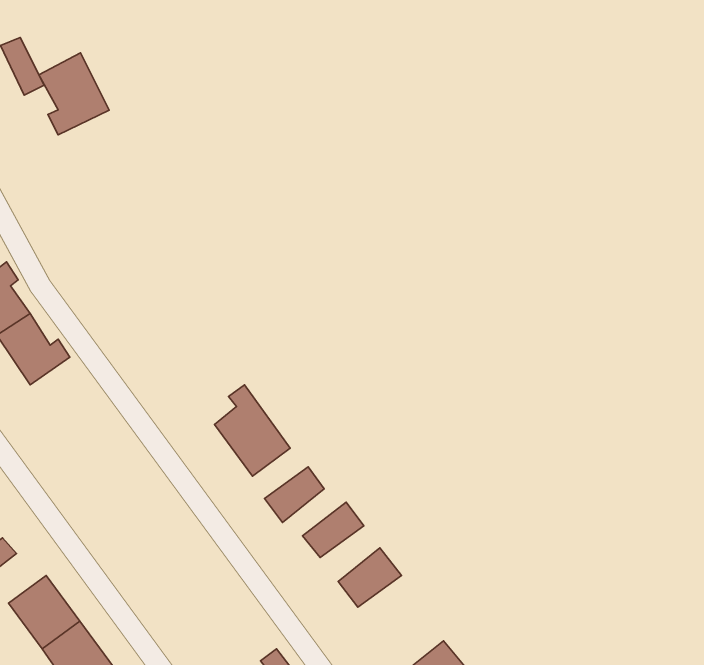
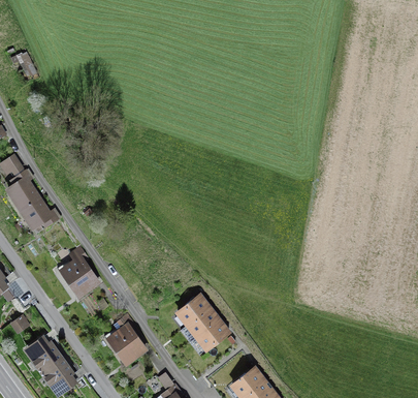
building: [39,53,109,135] -> none
building: [215,385,290,476] -> [61,248,100,296]
building: [264,467,324,522] -> [187,308,218,337]
building: none -> [105,322,147,363]

